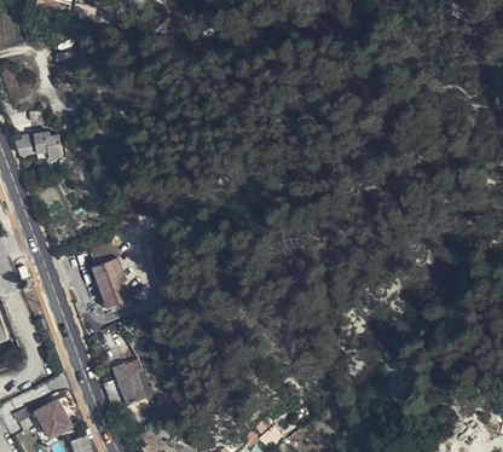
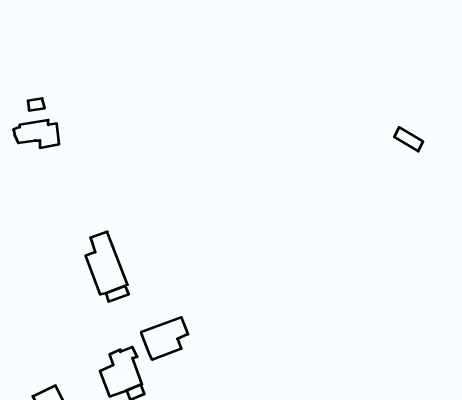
building: none -> [141,317,188,360]

